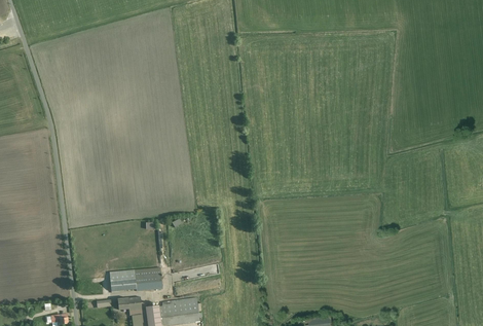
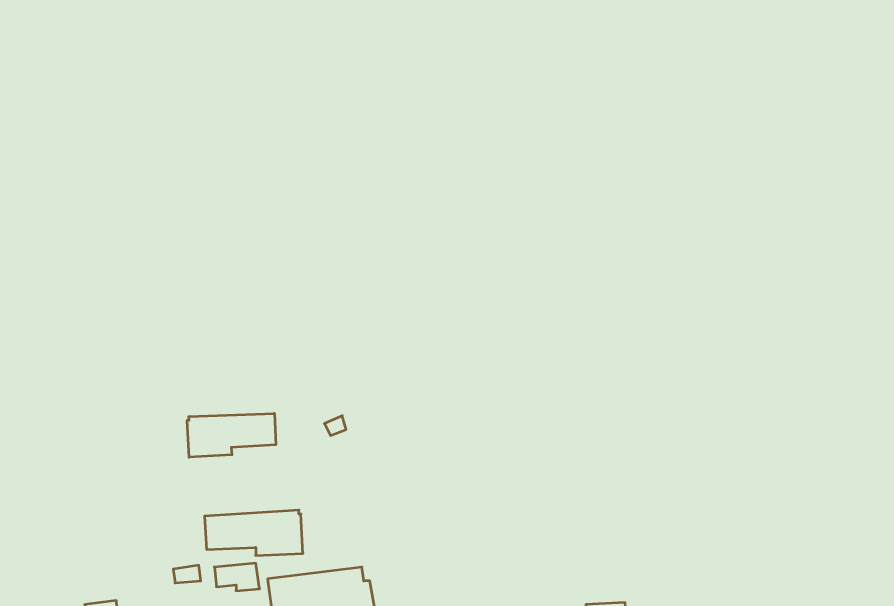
building: none -> [187,413,276,457]

